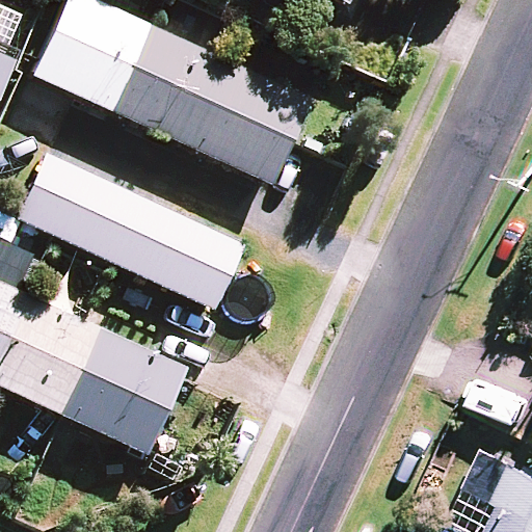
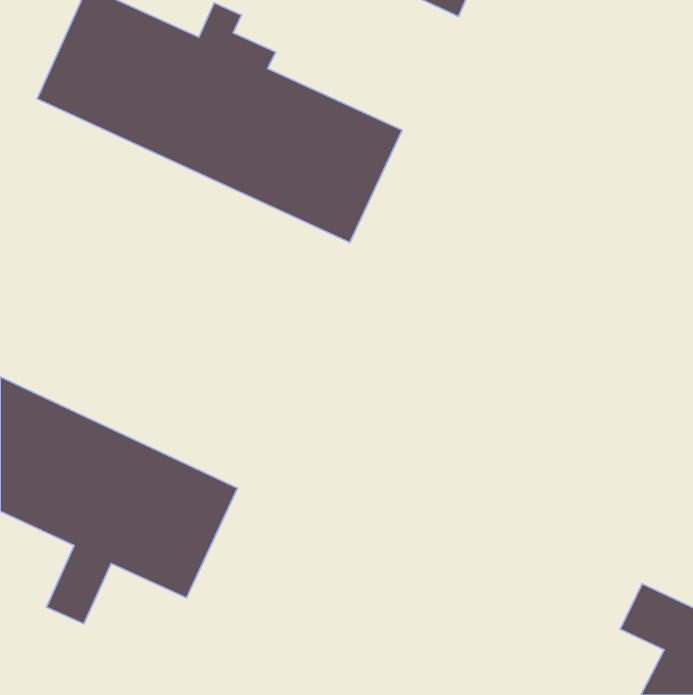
building: [18,156,241,308] -> none

